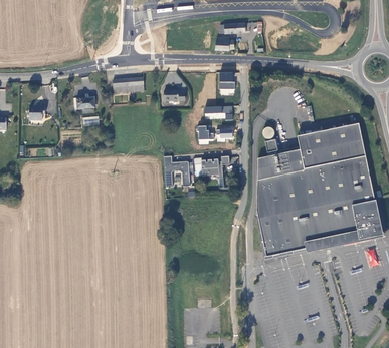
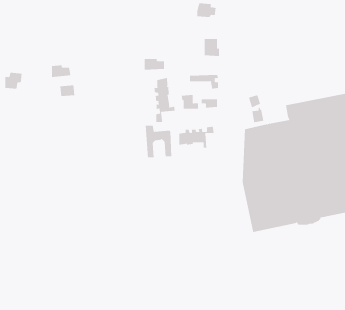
building: [113,76,144,93] -> none
building: none -> [154,77,175,123]

